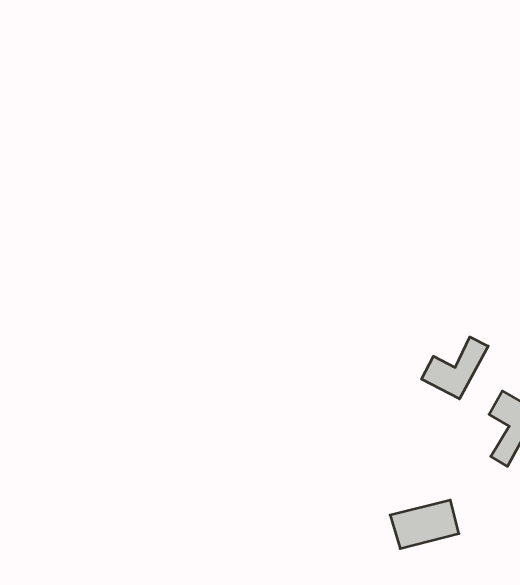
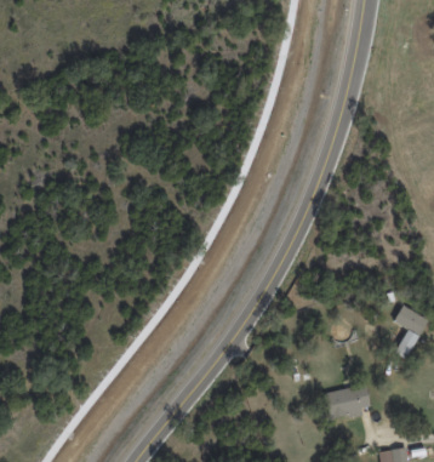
building: [422,337,488,399] -> none

